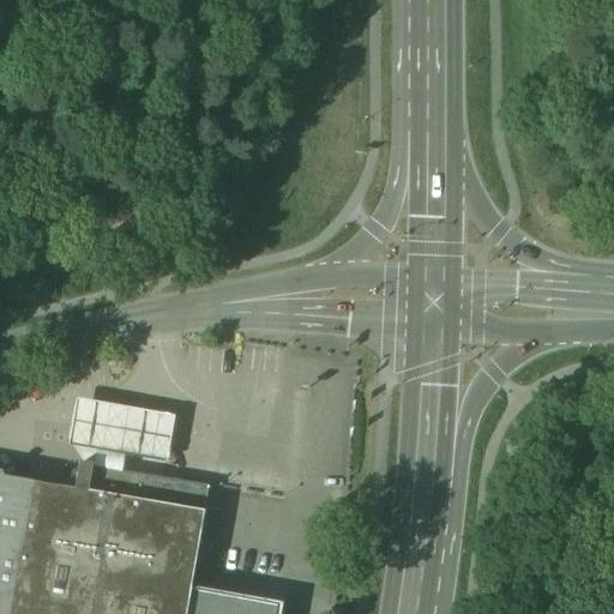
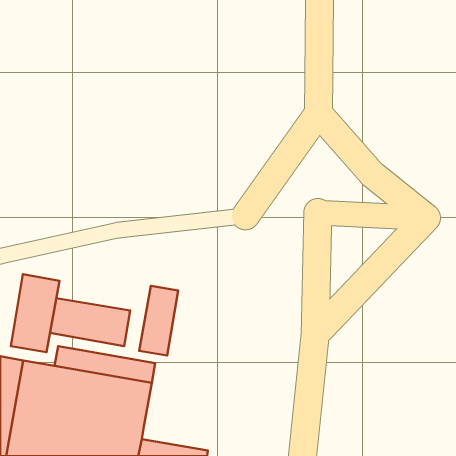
building: none -> [11,274,59,352]
building: none -> [139,286,178,356]

